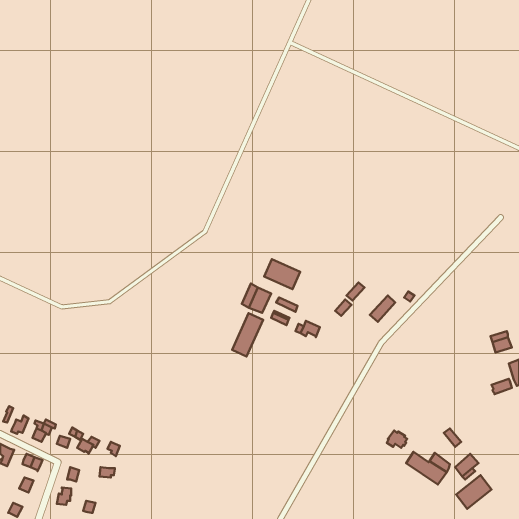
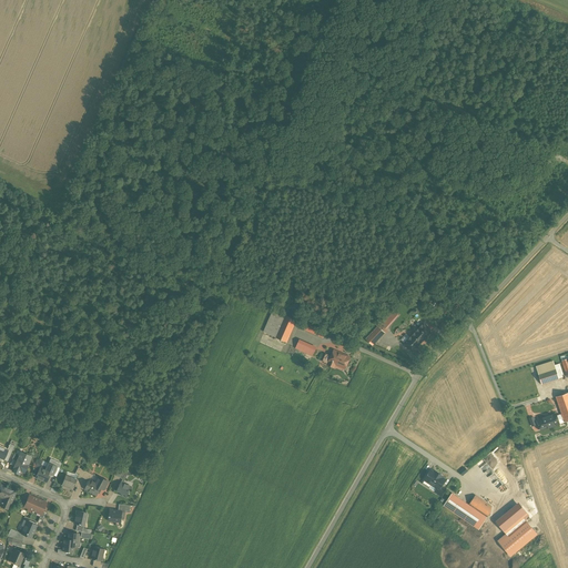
building: [264,259,300,289] -> none
building: [232,313,263,356] -> none

